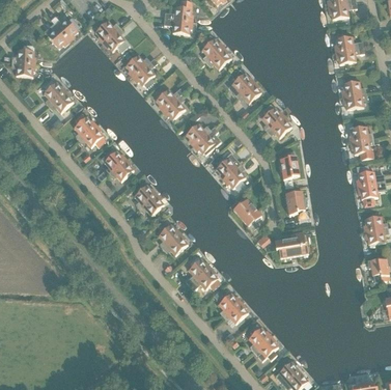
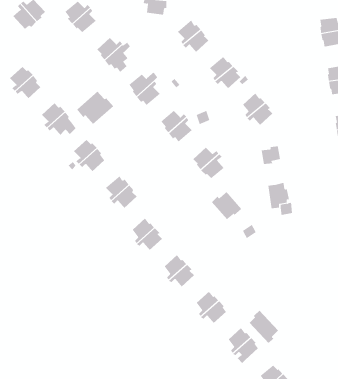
building: none -> [77,91,114,125]
building: [275,231,309,258] -> none
building: none -> [249,310,279,344]

